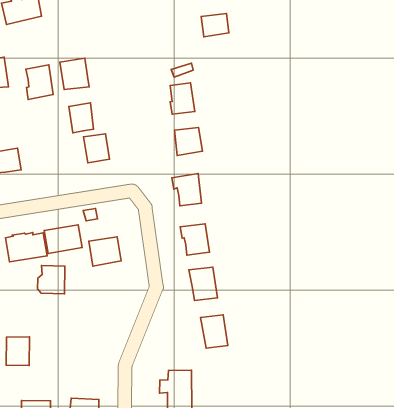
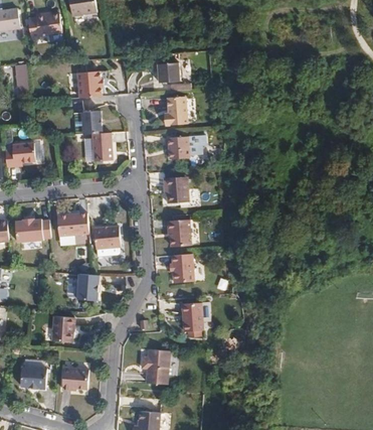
building: [201,13,229,37] -> [159,62,182,82]
building: [26,65,53,99] -> none
building: [37,265,65,294] -> [73,274,99,300]
building: [6,337,29,366] -> [50,315,72,341]

